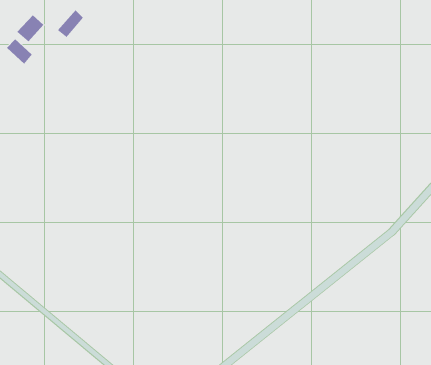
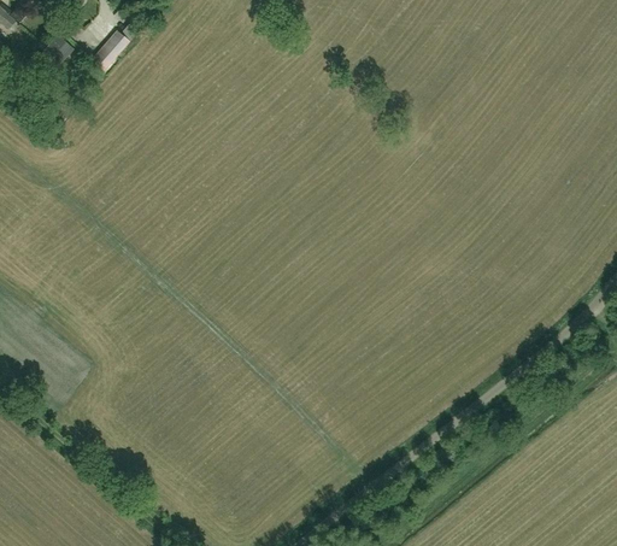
building: [6,38,32,64] -> none

